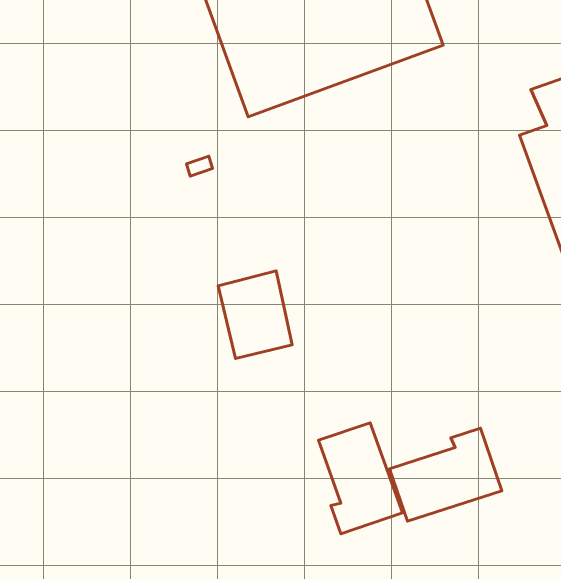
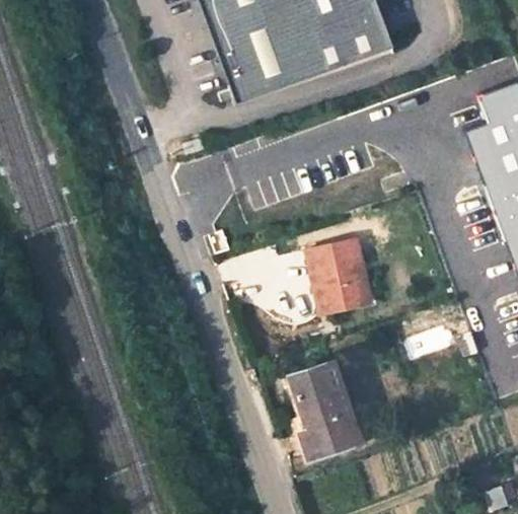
building: [218,271,292,359] -> [310,234,371,306]
building: [389,428,502,521] -> none

